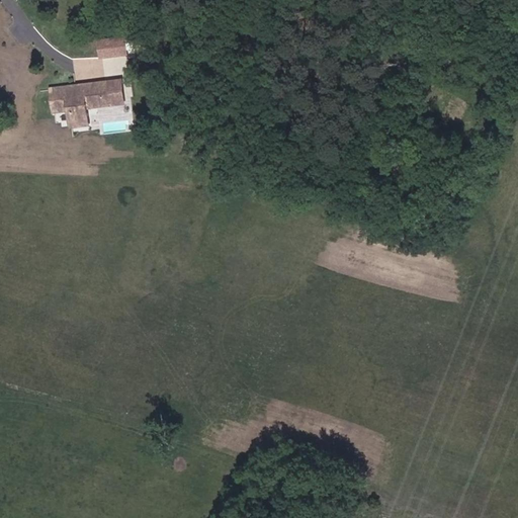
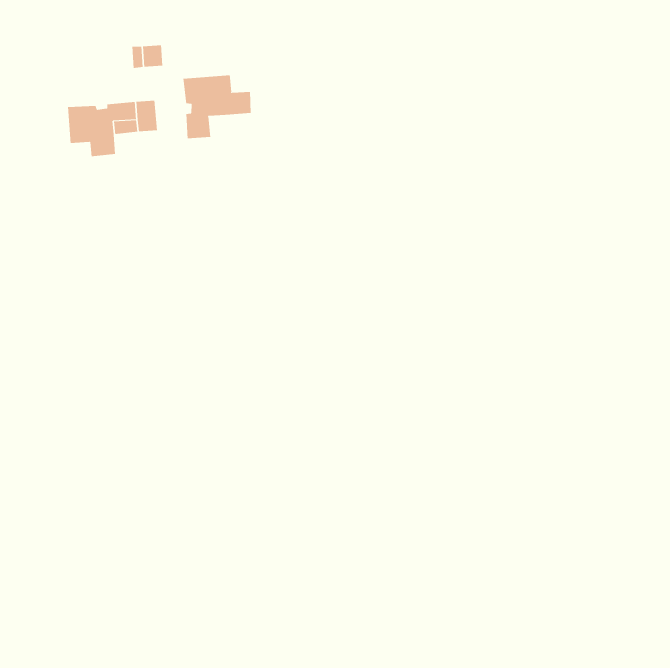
building: none -> [183,75,251,139]

